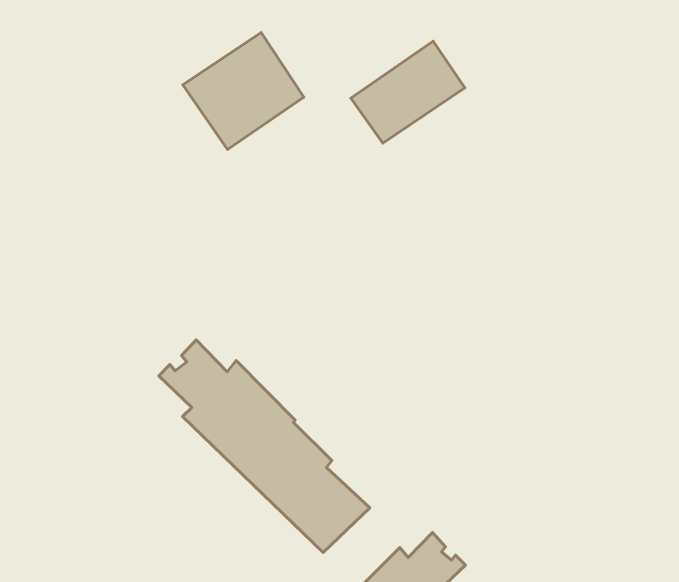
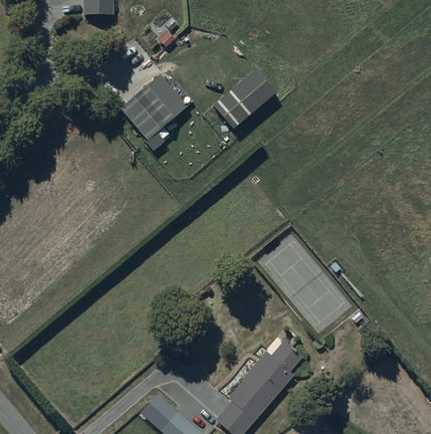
building: [159,340,370,553] -> none

